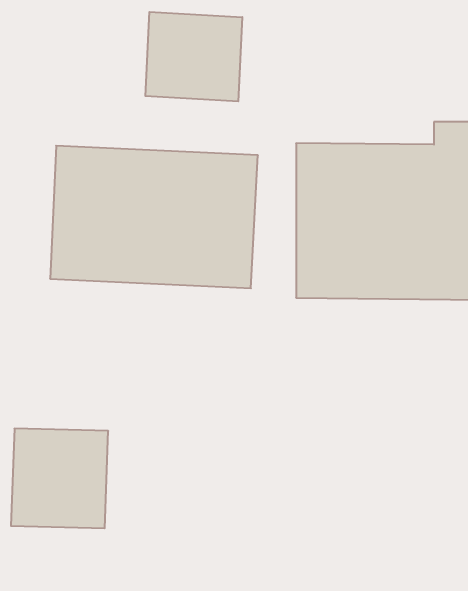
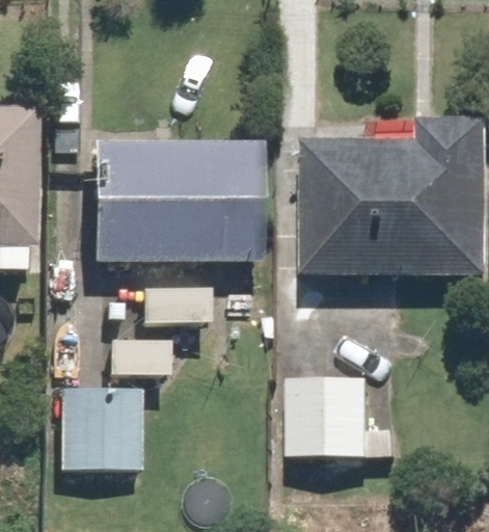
building: [145,12,242,101] -> none
building: none -> [279,374,395,462]

